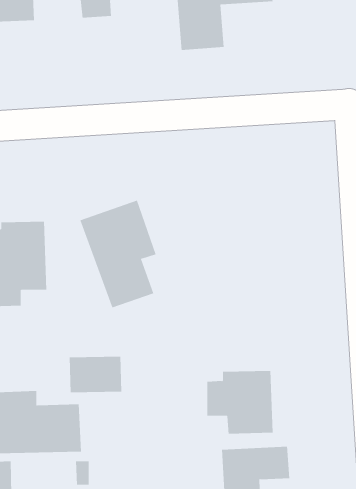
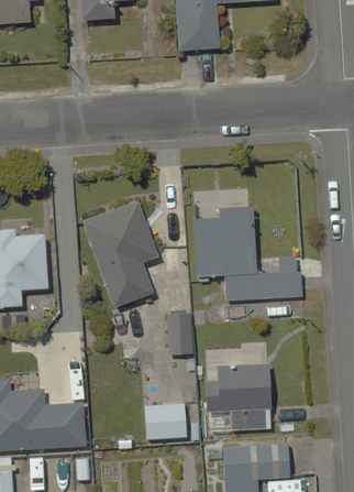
building: none -> [195,215,301,300]
building: none -> [167,313,191,353]
building: [69,356,122,393] -> [144,402,197,438]

